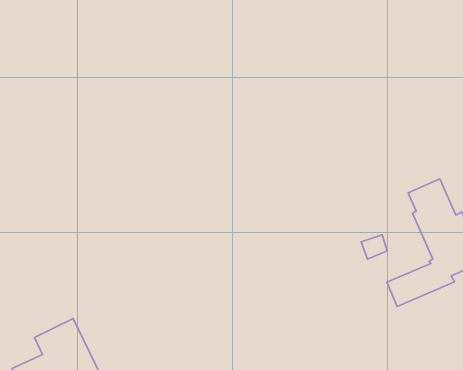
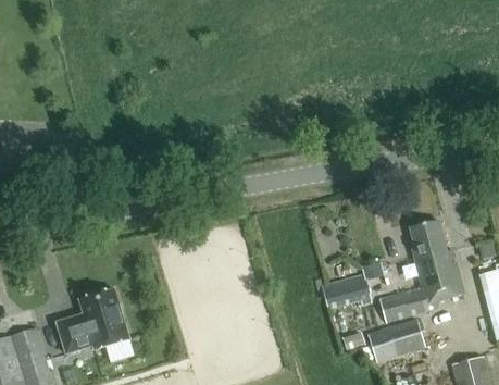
building: none -> [322,272,370,302]
building: none -> [367,318,425,360]

